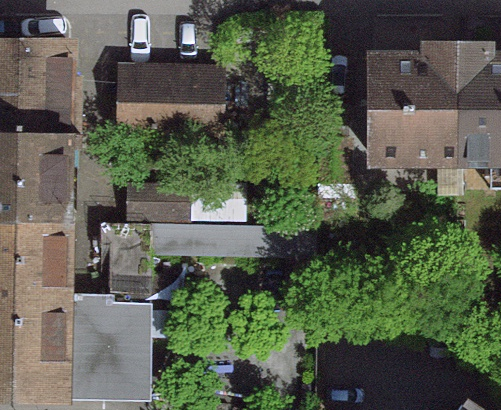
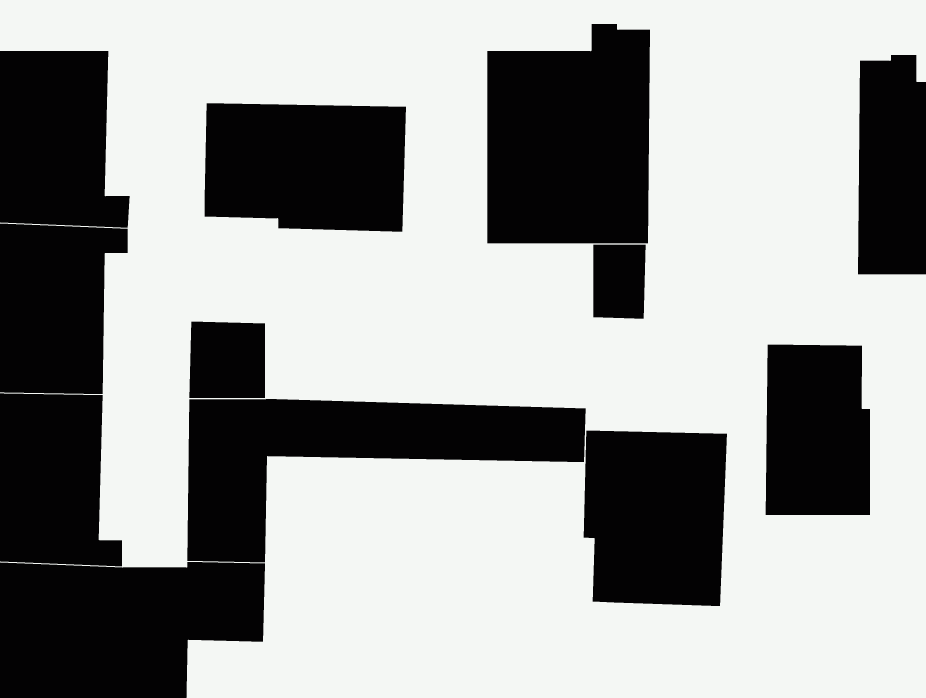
building: [371,42,456,156] -> [486,23,651,244]
building: none -> [765,344,870,516]
building: none -> [583,430,727,607]

